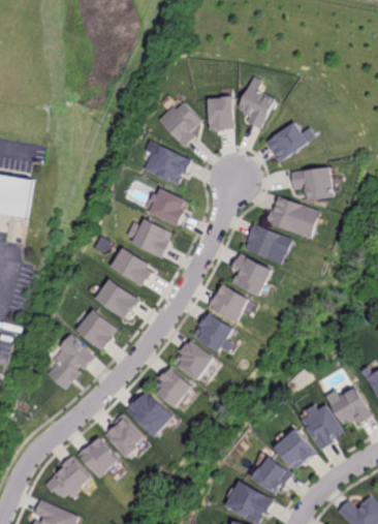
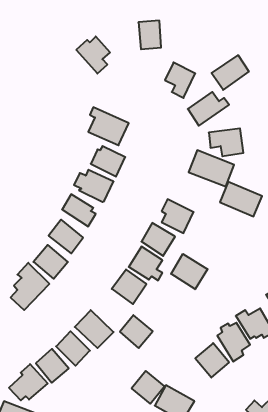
building: none -> [212,55,249,90]
building: [206,96,233,131] -> [138,21,161,49]
building: [159,101,200,147] -> [76,36,110,74]
building: [242,222,293,265] -> [220,182,262,216]
building: none -> [171,254,208,289]
building: [152,367,192,407] -> [120,315,153,348]
building: [251,456,291,496] -> [132,371,164,404]

